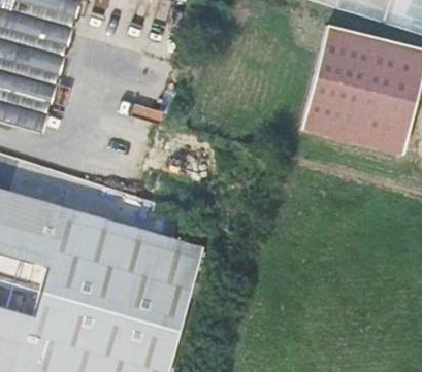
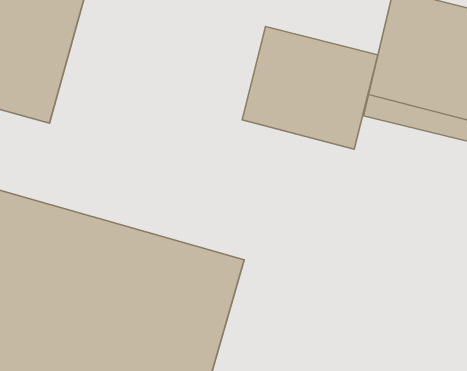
building: none -> [242,26,378,149]

